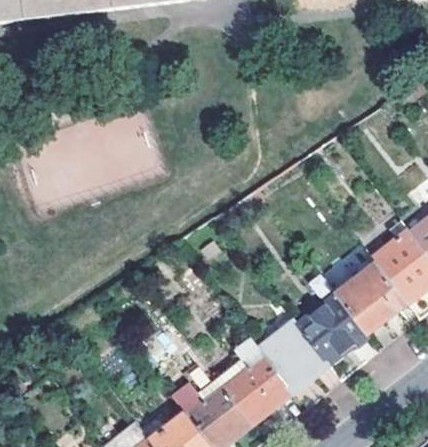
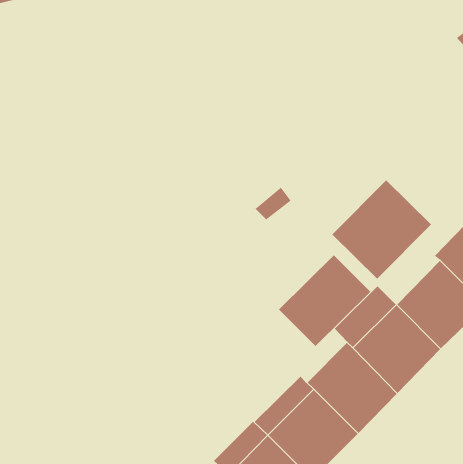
building: none -> [332,180,432,279]
building: none -> [278,254,371,347]

